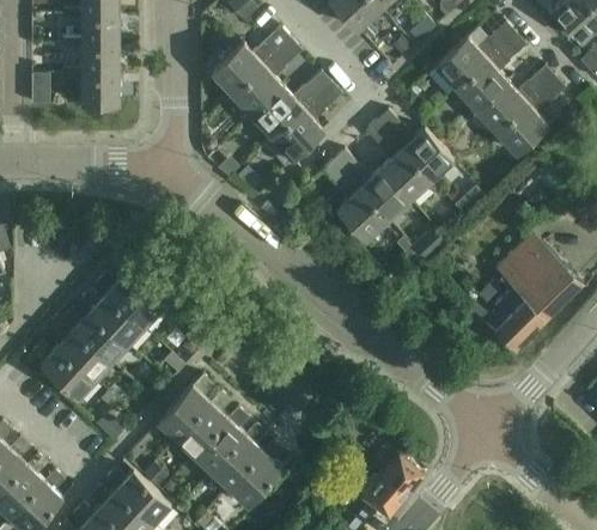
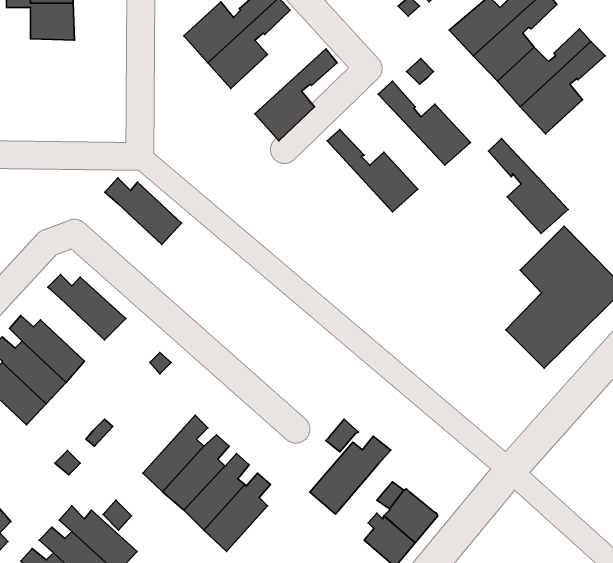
building: [61,71,118,106] -> none
building: [250,73,330,139] -> none
building: [364,122,431,202] -> [489,138,568,234]
building: [321,162,386,243] -> none
building: [79,291,144,347] -> [105,178,182,245]
building: [158,377,214,441] -> none
building: none -> [310,436,391,514]

